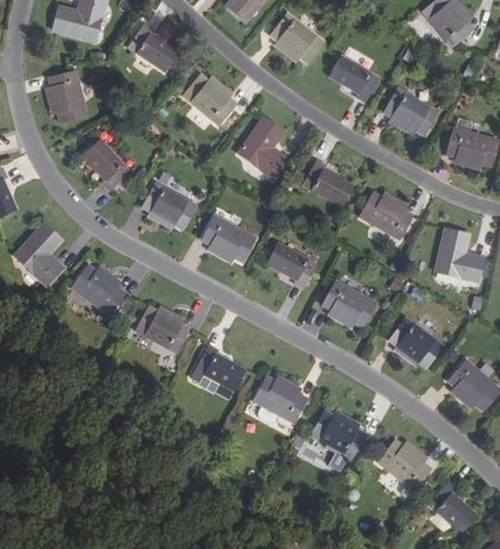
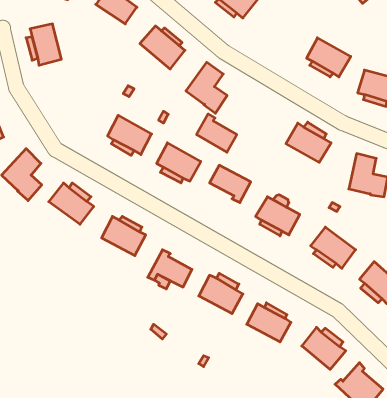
building: [330,55,380,101] -> none
building: [82,139,130,191] -> none
building: [304,160,352,206] -> [197,114,237,152]

